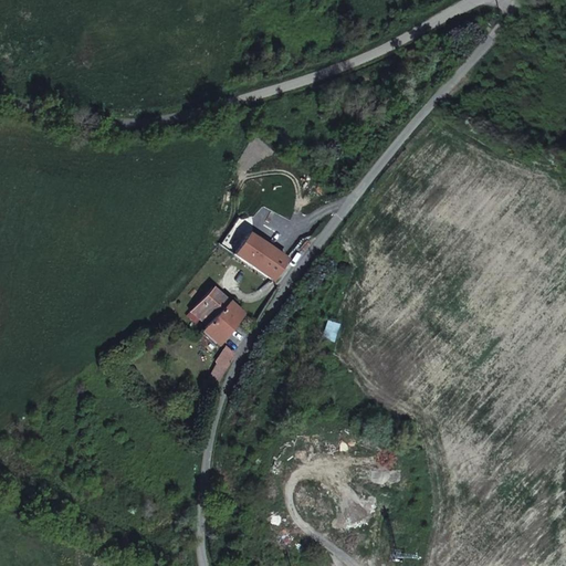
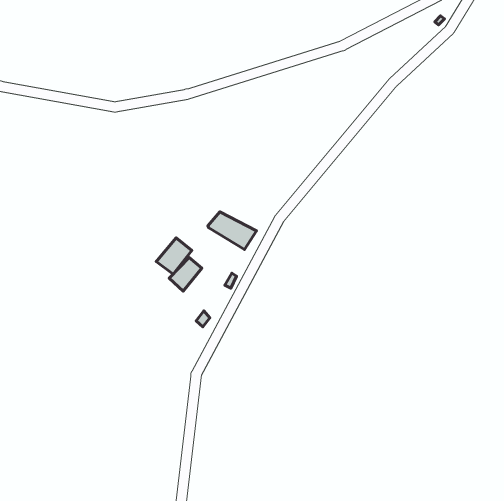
building: [206,300,245,340] -> [156,238,192,274]

